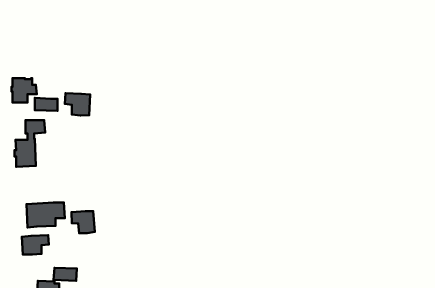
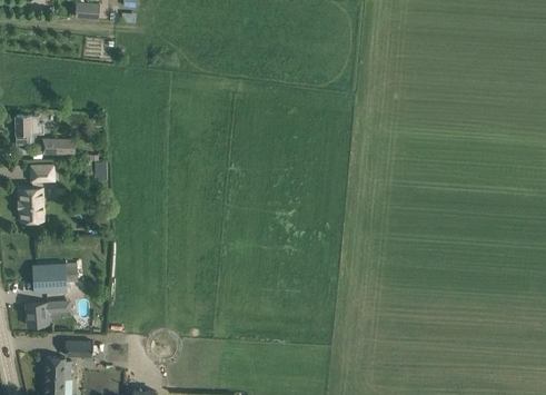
building: [65,93,90,115] -> none
building: [72,211,95,233] -> none

